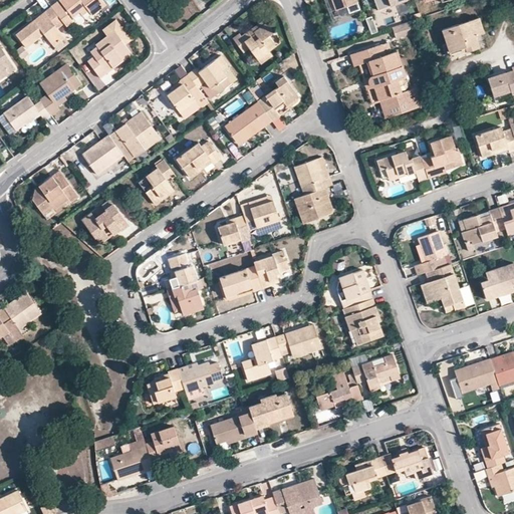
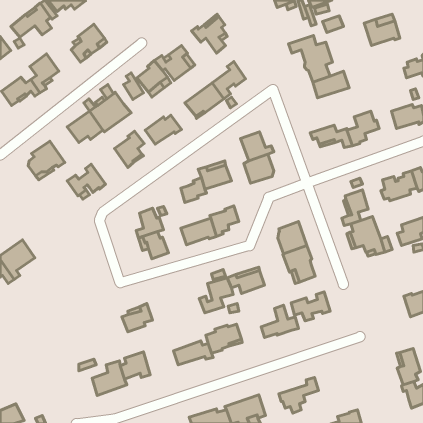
building: [455,359,499,393] -> none
building: [179,361,224,400] -> none
building: [381,449,428,480] -> none

